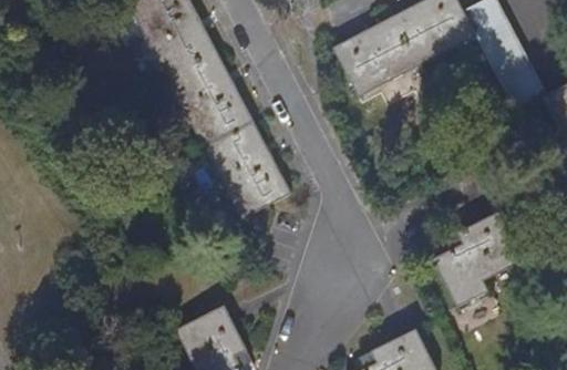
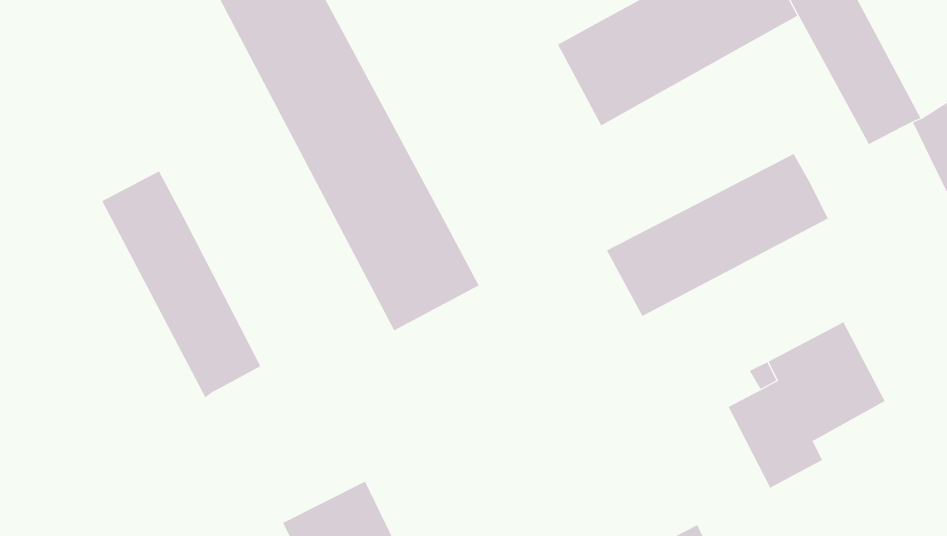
building: none -> [606,153,829,317]
building: none -> [101,171,261,398]

